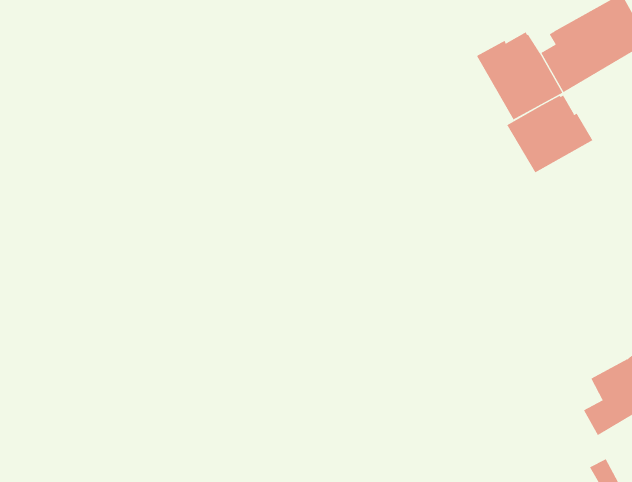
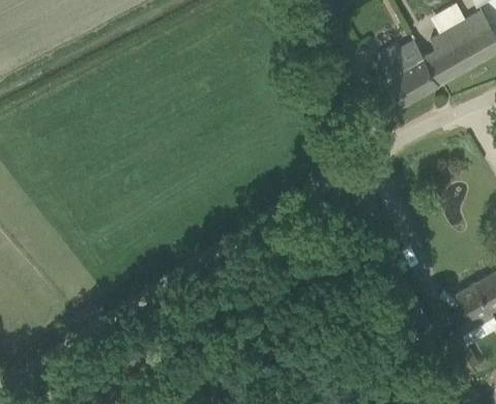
building: [506,95,593,173] -> none

